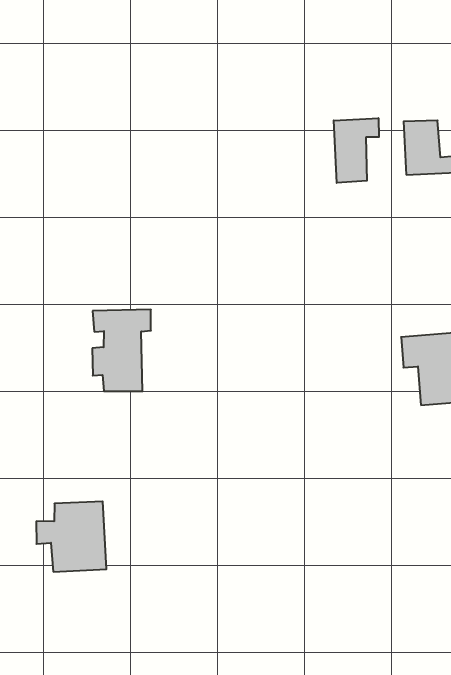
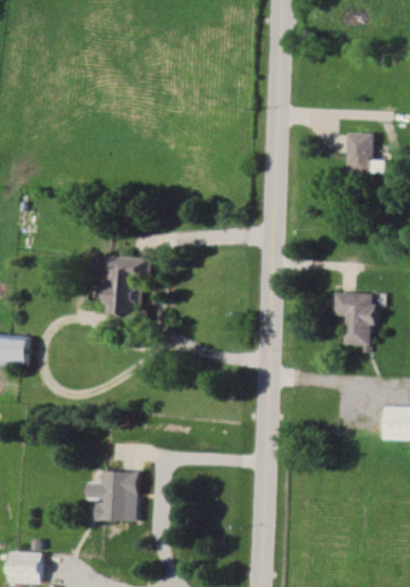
building: [334,118,379,183] -> none
building: [36,501,106,572] -> [84,470,136,522]

